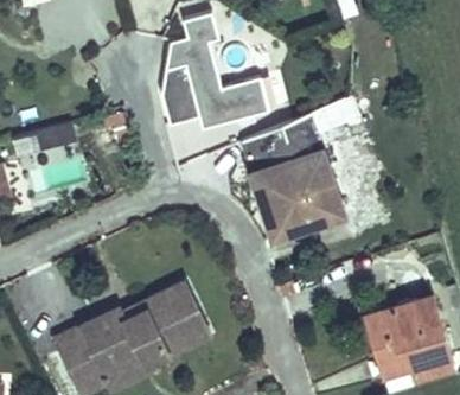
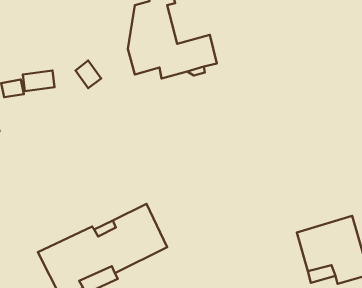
building: [242,96,354,234] -> none

